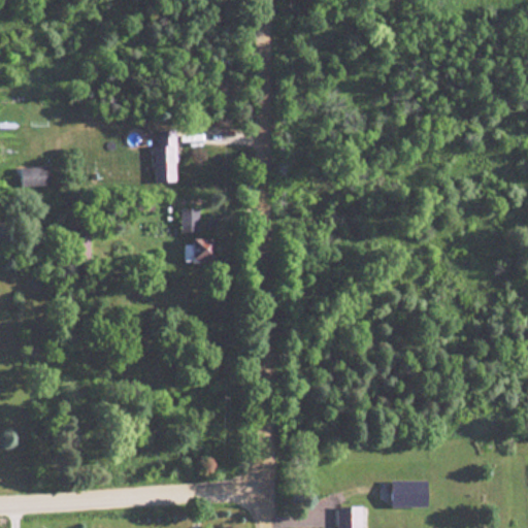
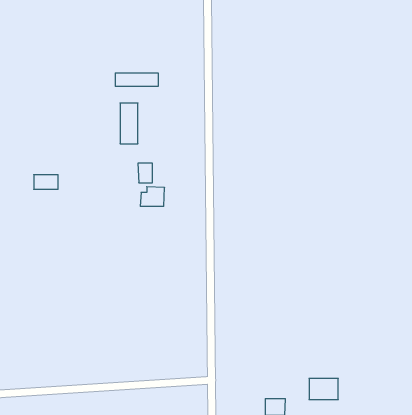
building: none -> [115,73,158,86]
building: [23,167,54,186] -> [34,175,58,189]

